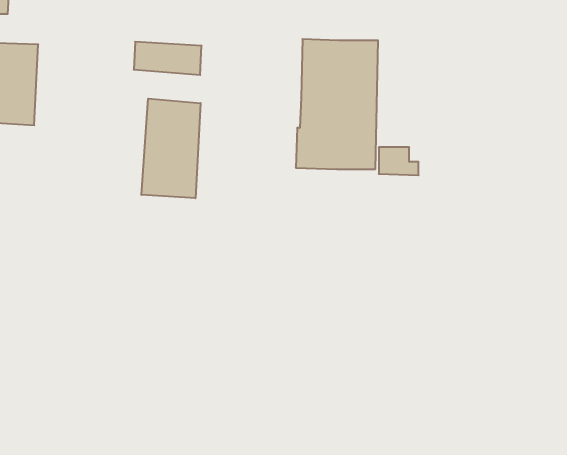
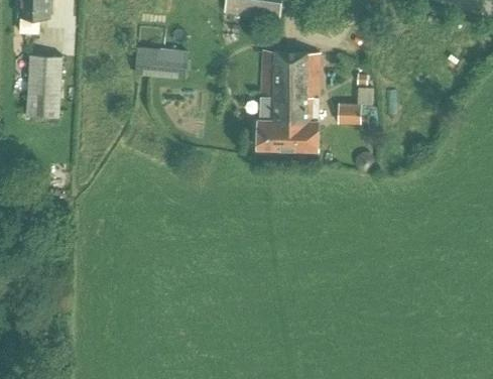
building: [141,99,201,198] -> none
building: [379,147,419,175] -> [338,104,368,125]

